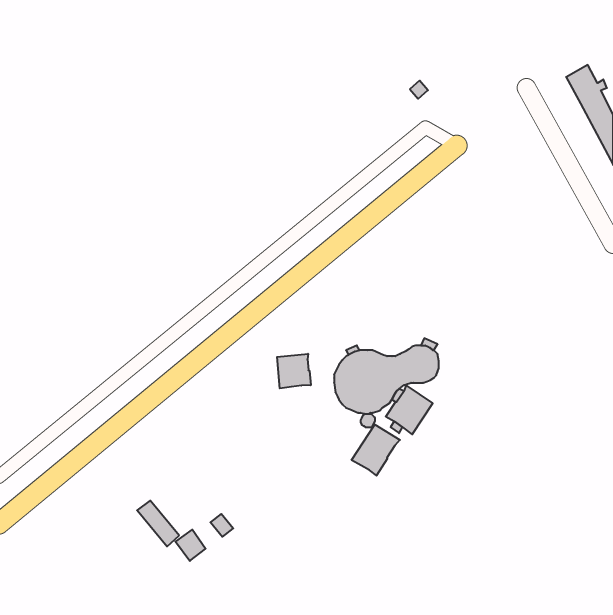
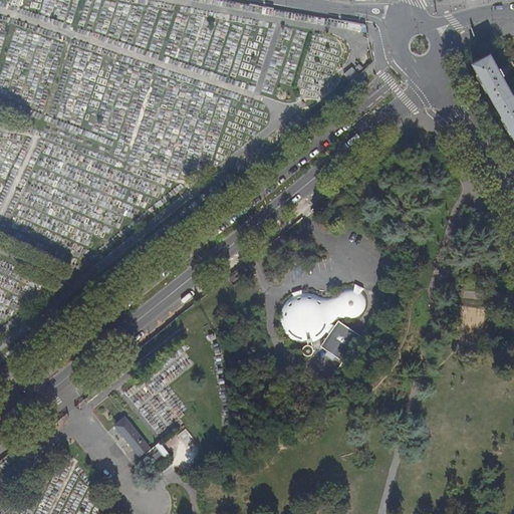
building: [277,354,311,388] -> none
building: [352,424,400,476] -> none

